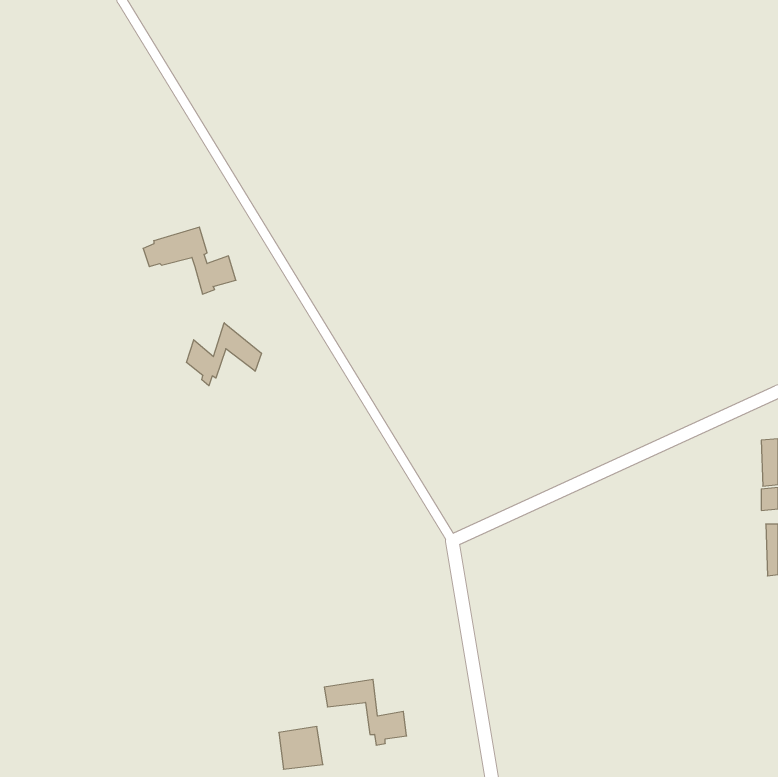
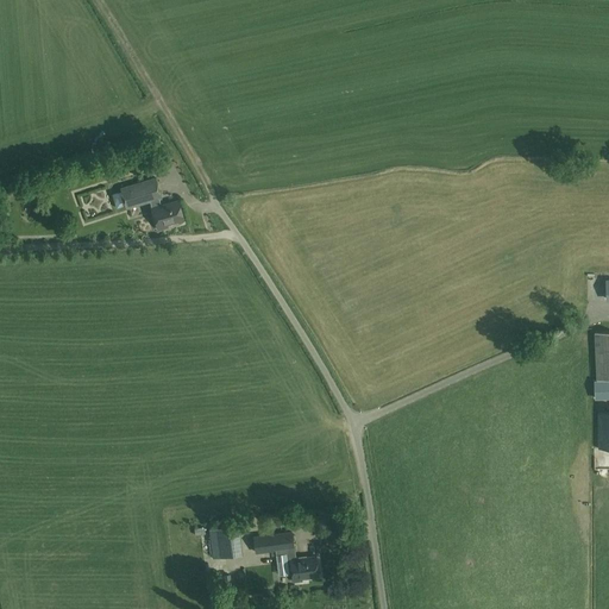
building: [187,323,261,386] -> none
building: [279,727,323,769] -> [209,526,244,559]

